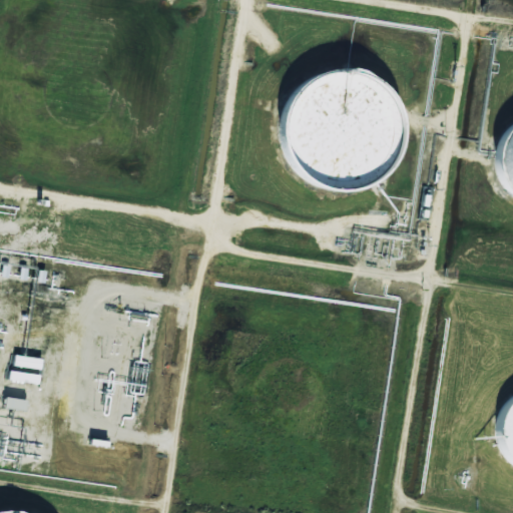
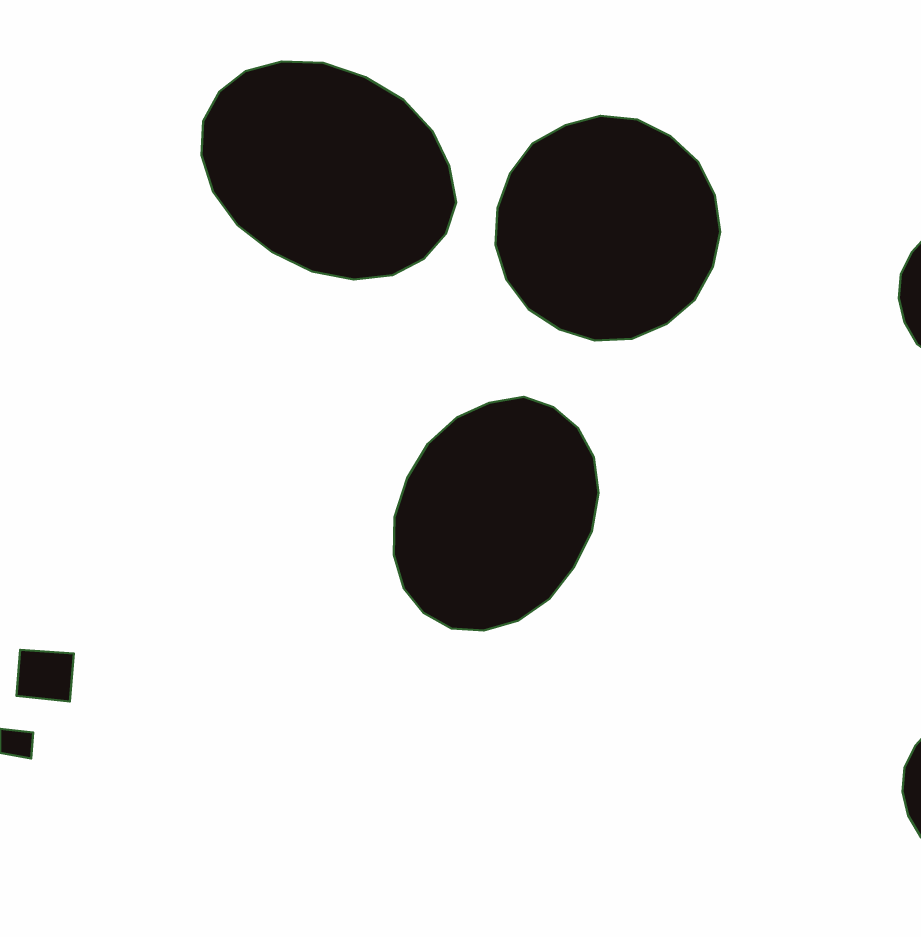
building: none -> [202,61,456,279]
building: none -> [394,397,598,631]

